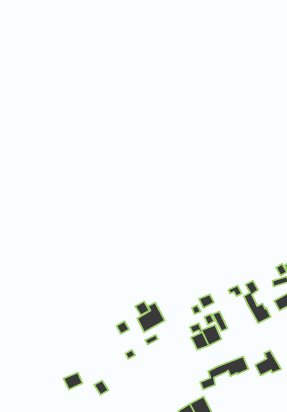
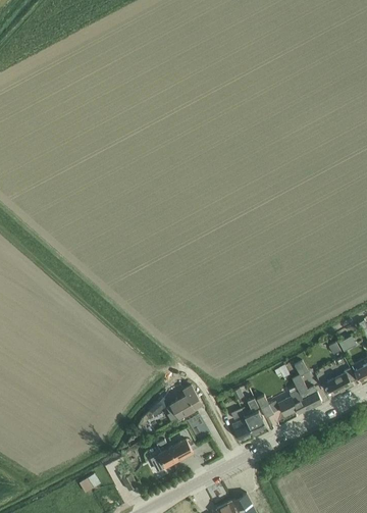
building: none -> [157,439,192,467]
building: [255,351,281,376] -> [277,387,307,415]
building: [200,357,249,389] -> none

